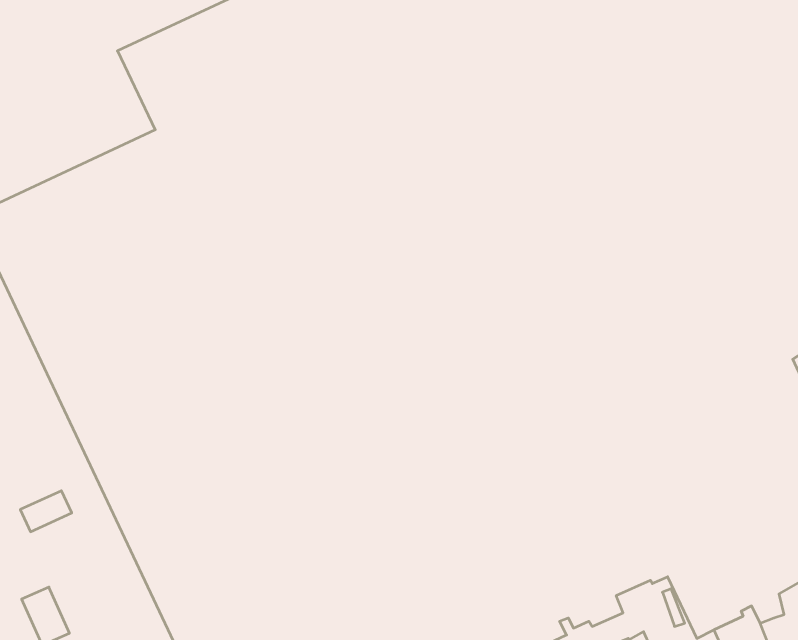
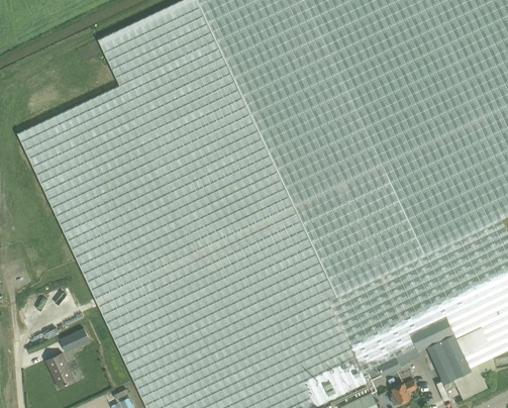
building: [20,491,72,532] -> [60,328,90,352]

